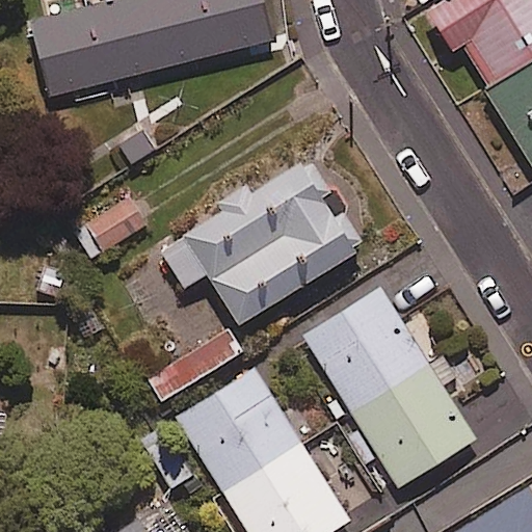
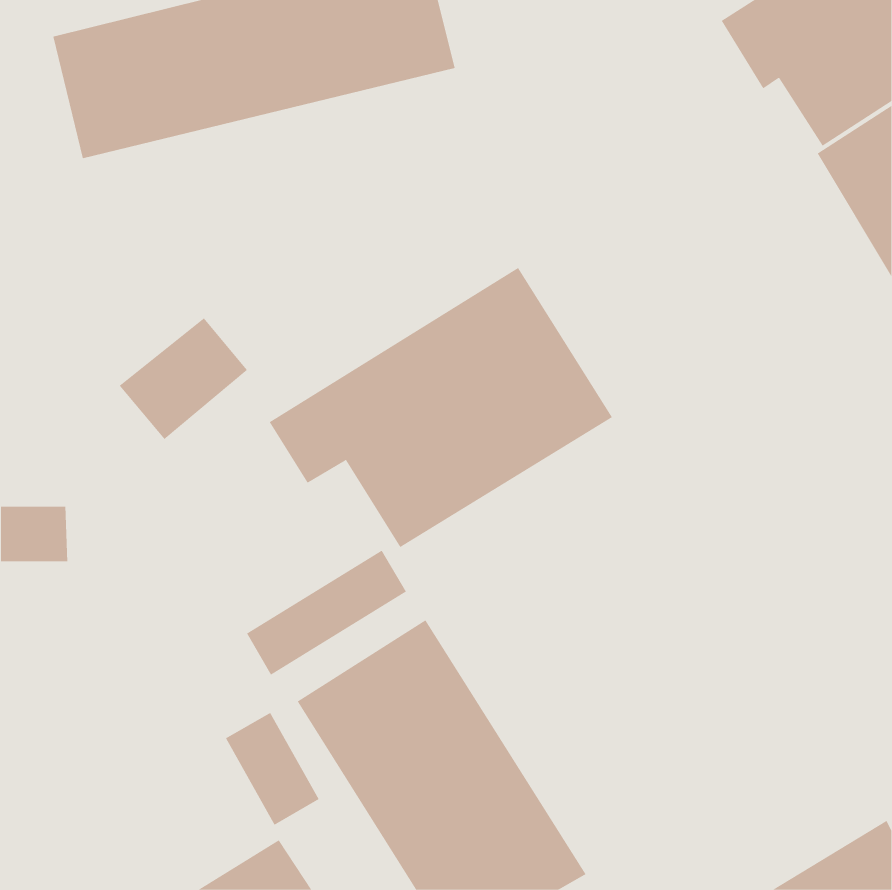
building: [303,287,475,488] -> none

